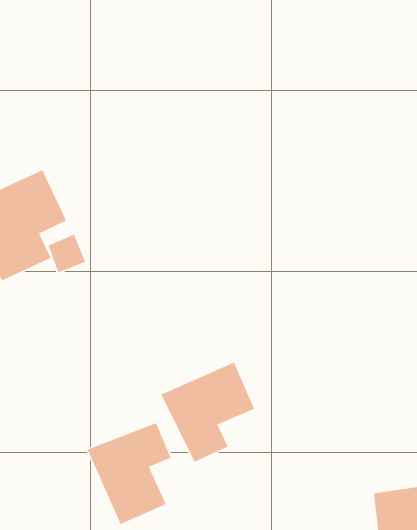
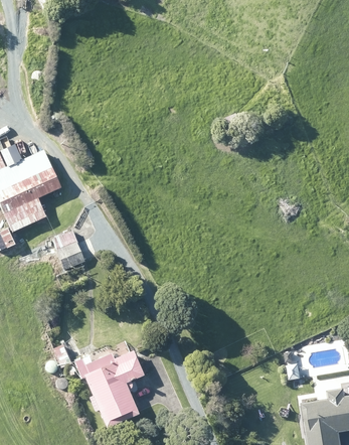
building: [47,234,86,274] -> [55,240,85,271]
building: [160,361,255,463] -> none

